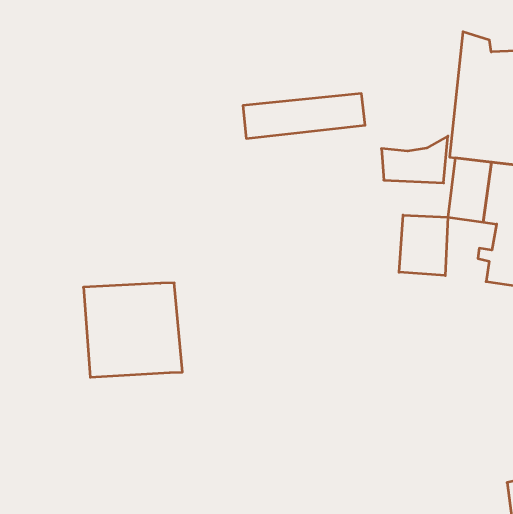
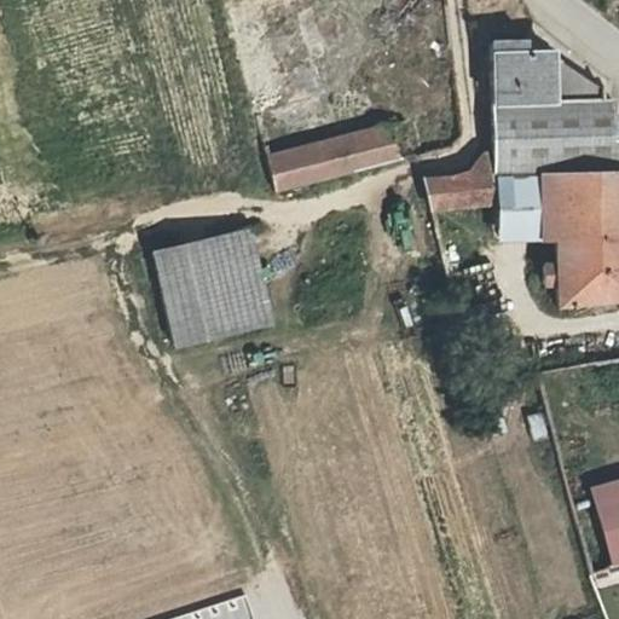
building: [399,215,448,276] -> none
building: [83,283,182,377] -> [152,227,268,339]

